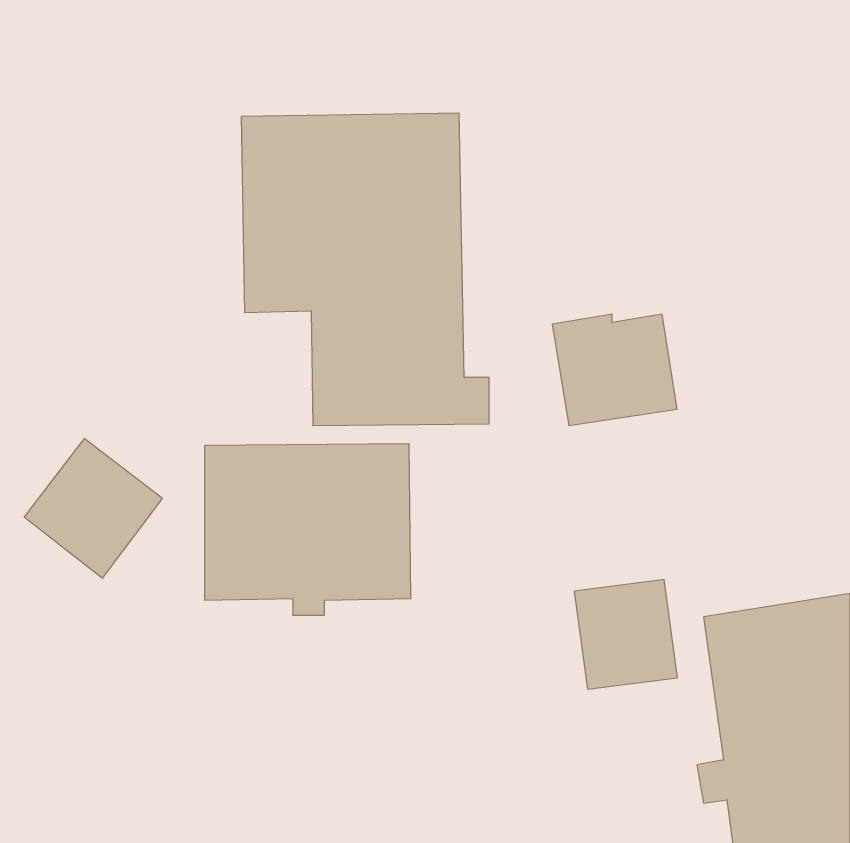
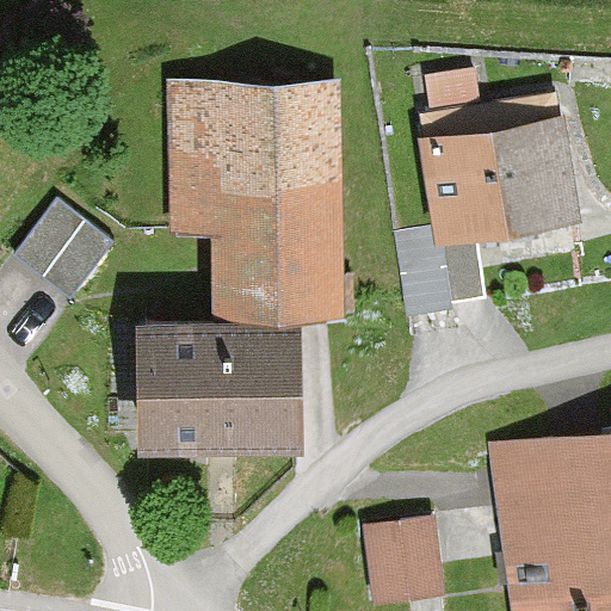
building: none -> [426,98,569,226]
building: [24,439,162,578] -> [14,199,113,300]
building: [574,580,677,689] -> [366,520,440,599]

